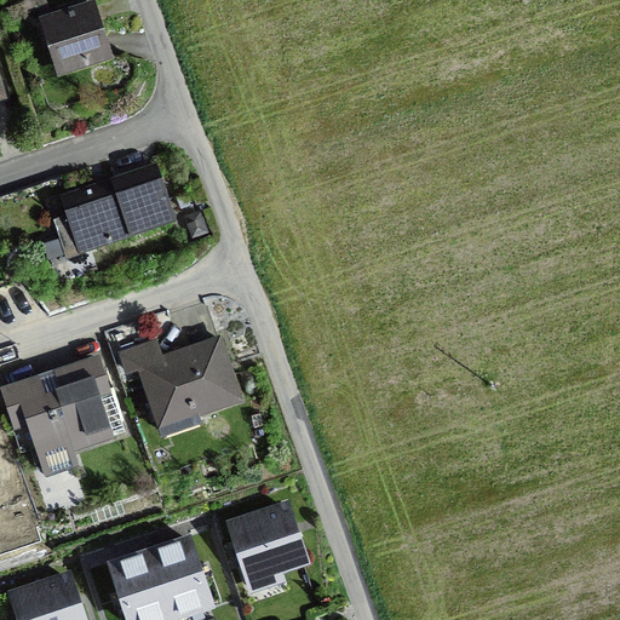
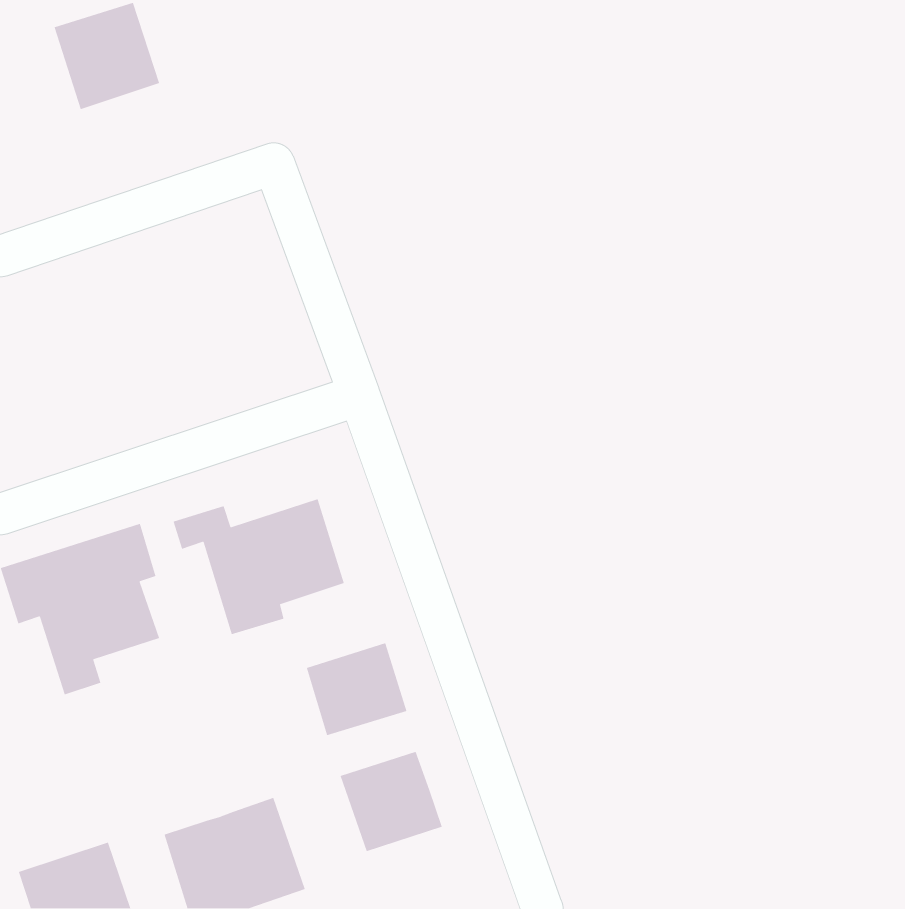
building: [56,161,174,257] -> none
building: none -> [306,642,407,736]

